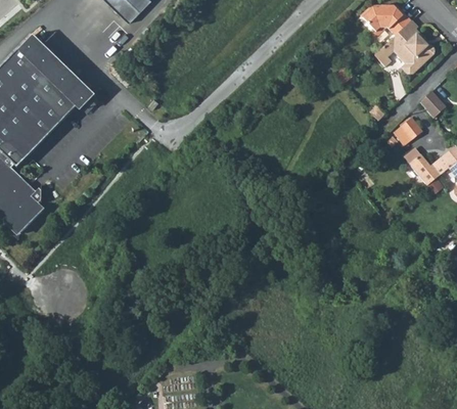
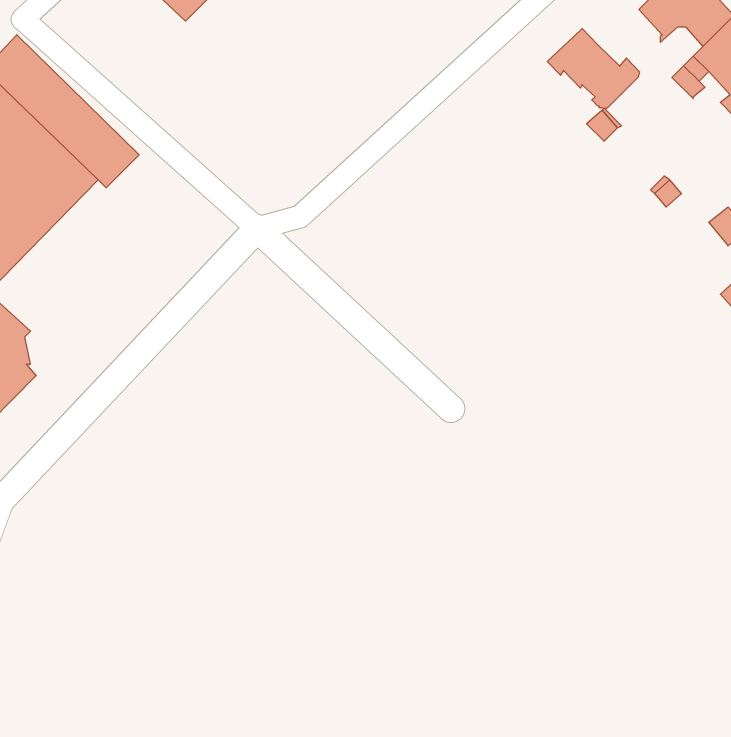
building: none -> [547,29,640,109]

